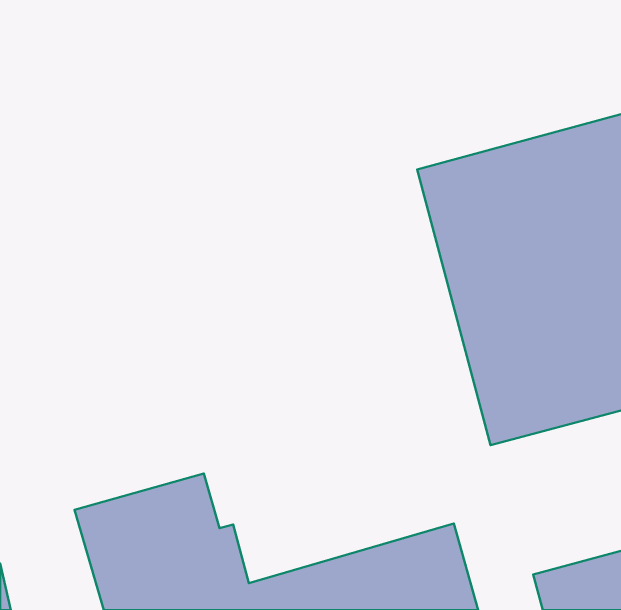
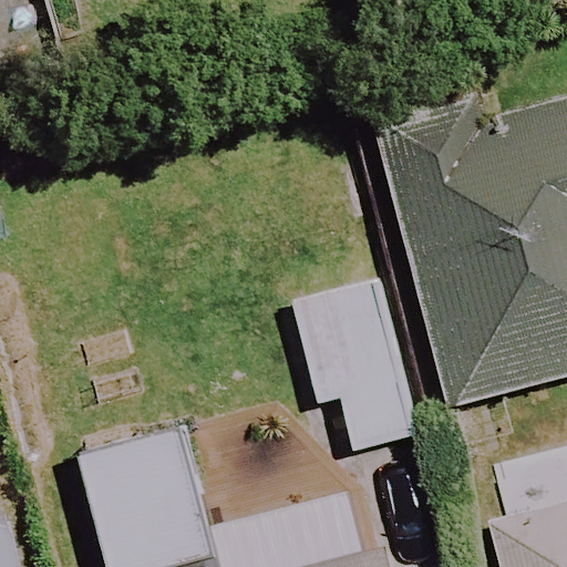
building: none -> [277,230,423,458]

